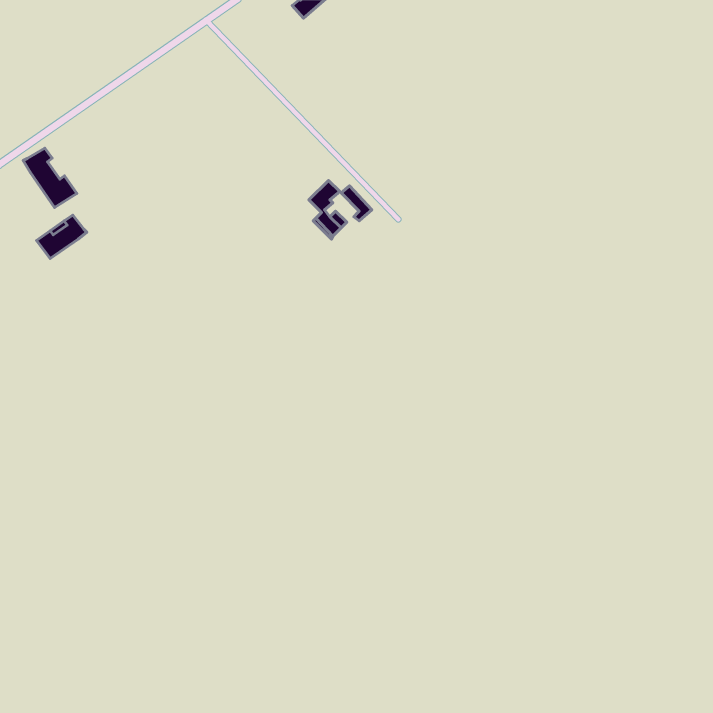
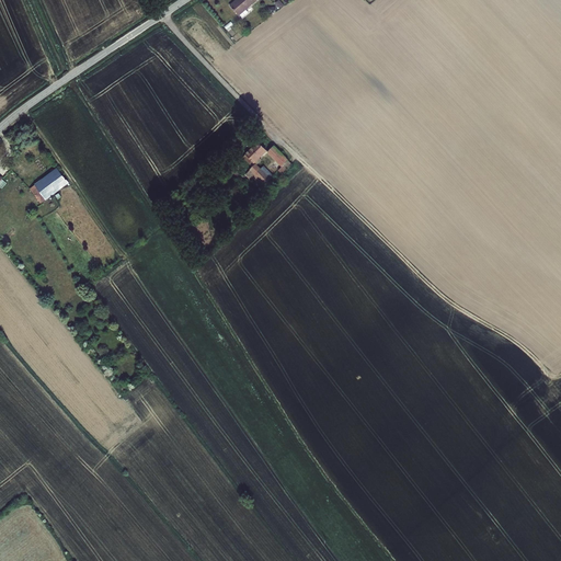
building: [23,148,77,207] -> none

